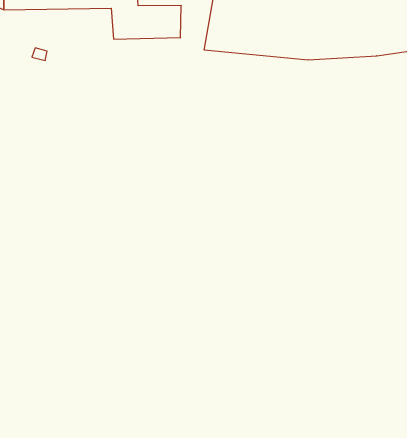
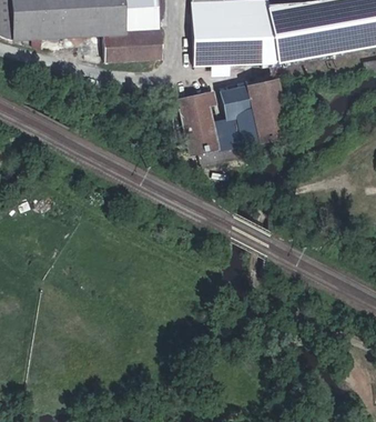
building: none -> [185,82,286,165]

